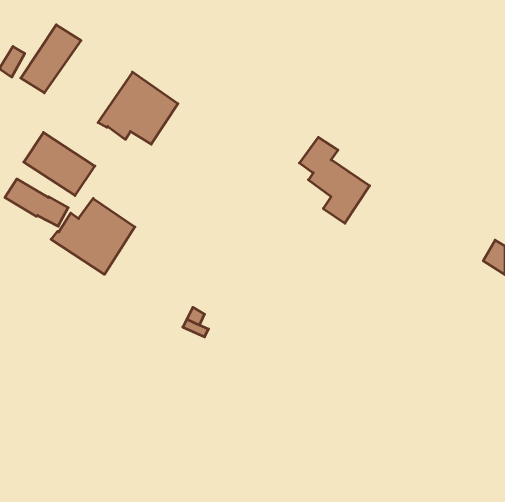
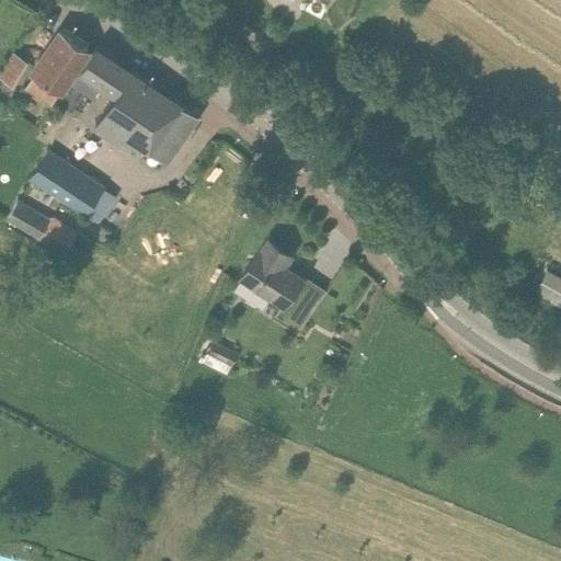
building: none -> [72,49,147,139]
building: [299,137,370,223] -> [248,242,325,337]
building: [51,198,135,274] -> none

